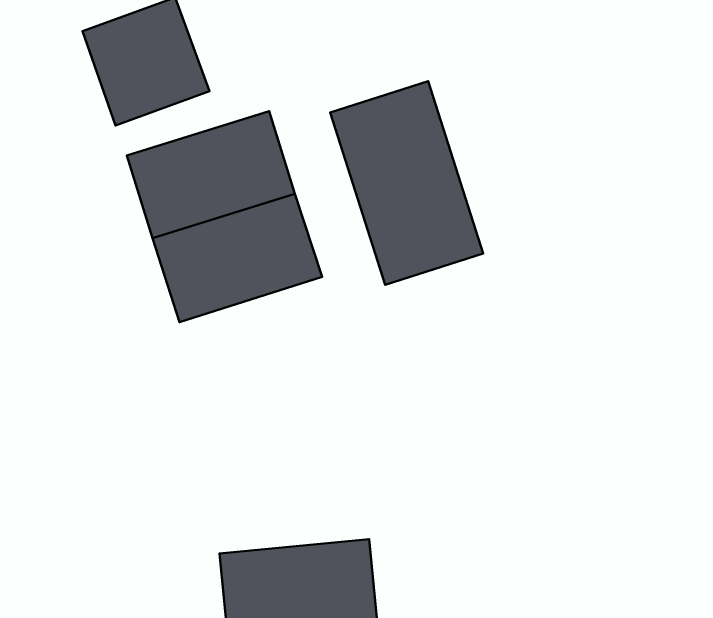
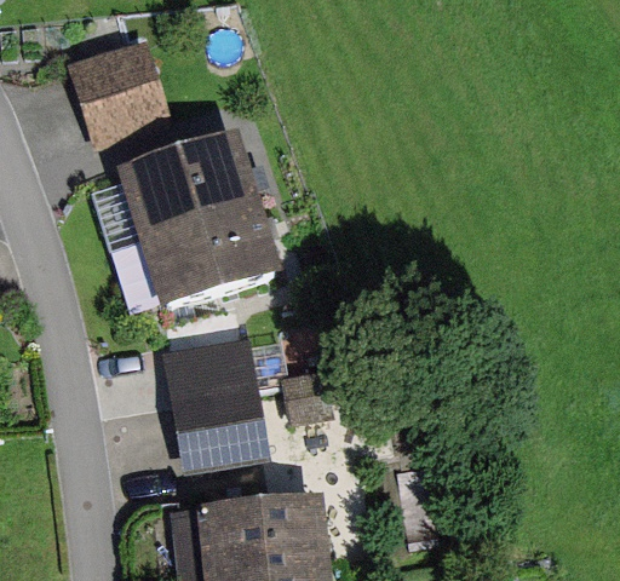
building: [330,81,483,285] -> none
building: none -> [157,336,259,435]

